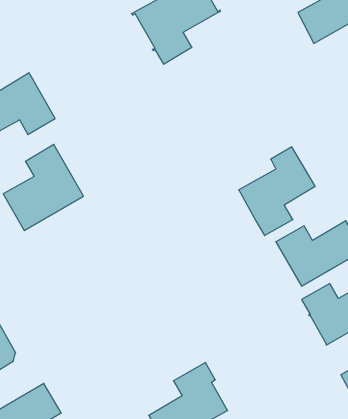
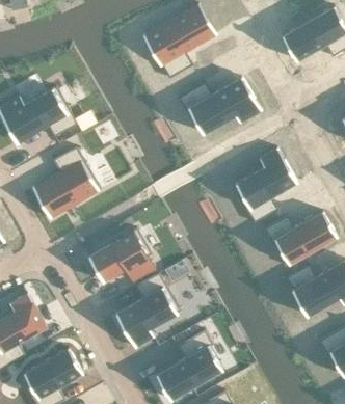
building: none -> [177,77,261,134]
building: none -> [87,228,155,282]
building: none -> [116,273,180,348]

